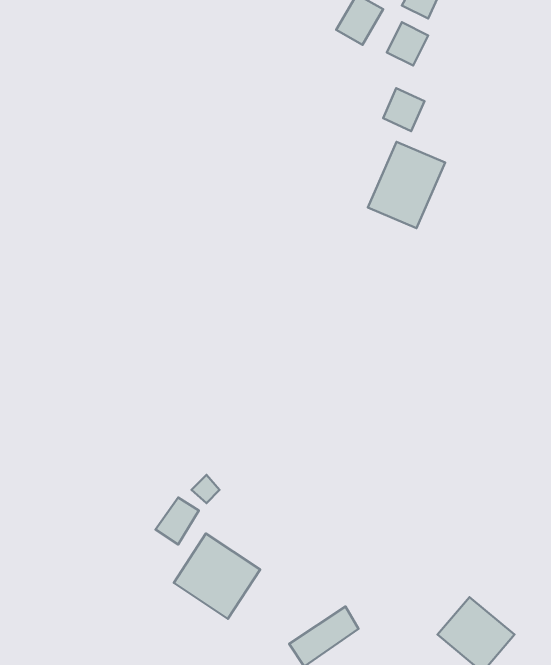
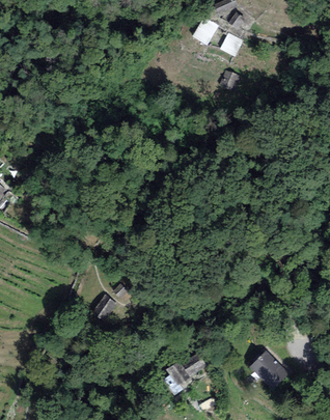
building: [368,142,445,228] -> none
building: [174,533,260,619] -> none

